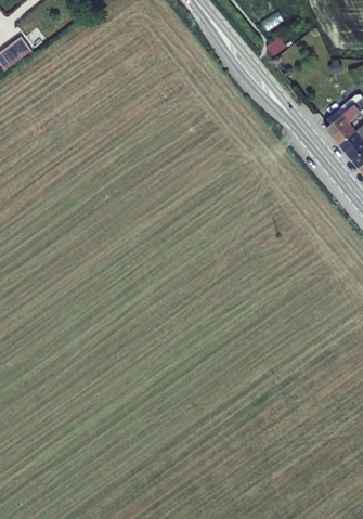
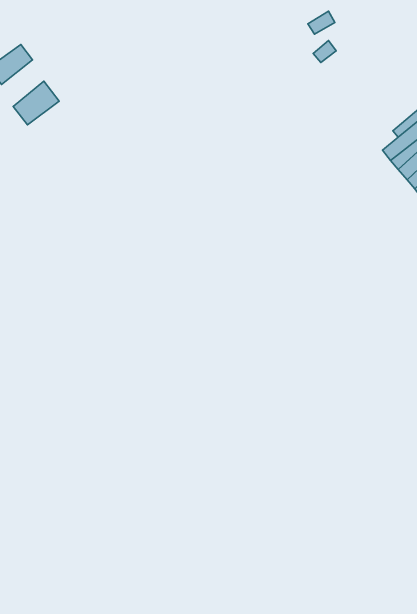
building: none -> [13,81,59,125]

